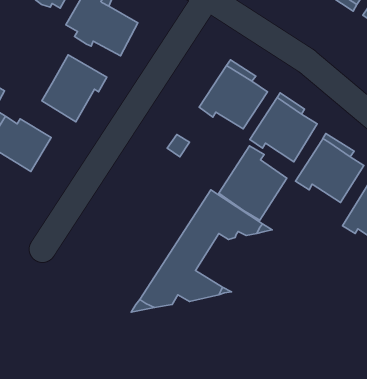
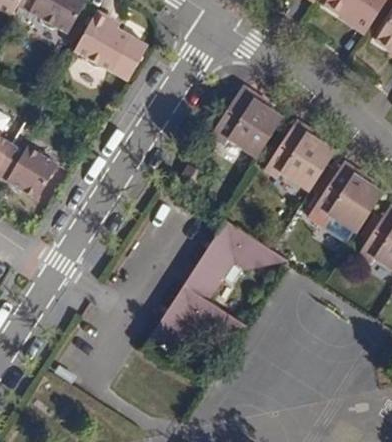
building: [42,55,107,122] -> none
building: [219,146,287,220] -> none

